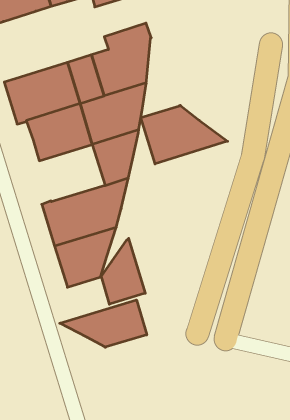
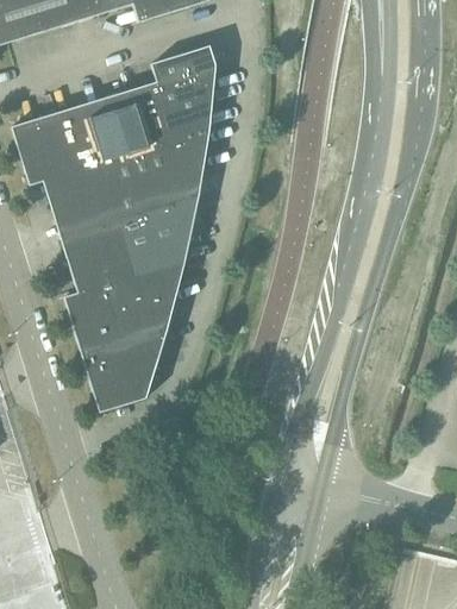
building: [141,105,228,164] -> none
building: none -> [61,212,152,291]
building: [101,238,145,304] -> none
building: [60,300,147,347] -> none

